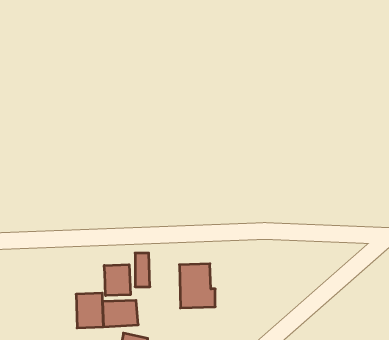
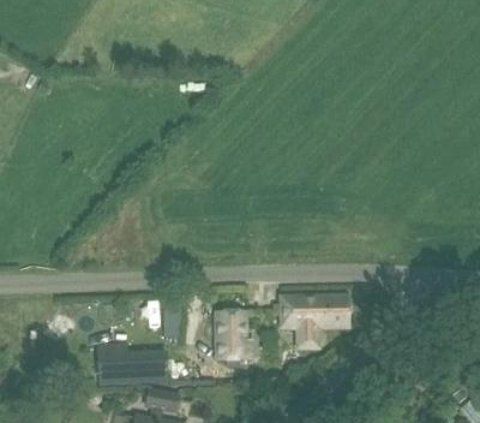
building: none -> [283,296,346,339]
building: [104,265,130,296] -> none

